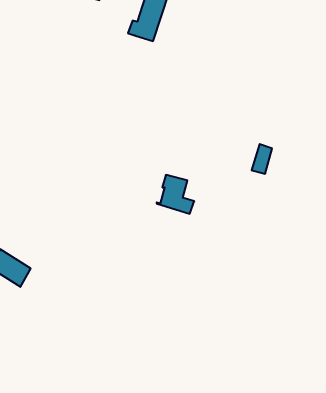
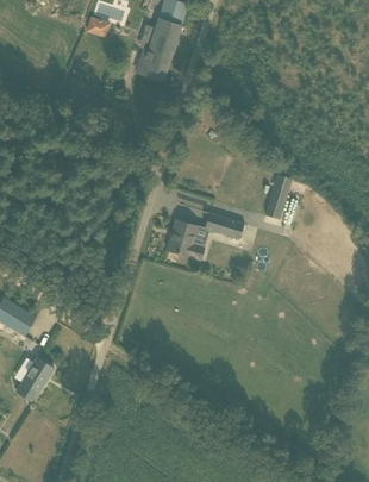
building: none -> [205,212,243,239]
building: none -> [21,357,52,392]

